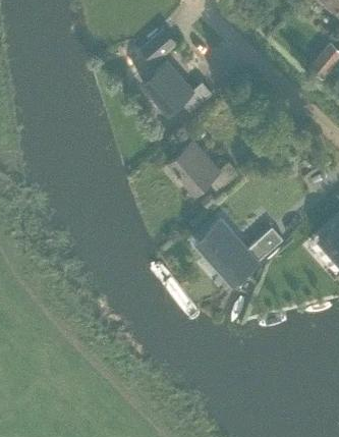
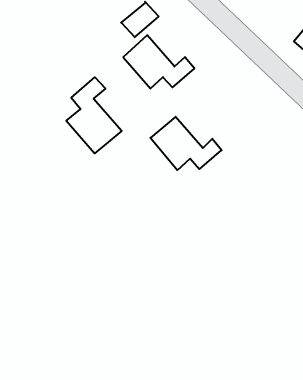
building: none -> [66,77,122,153]
building: [196,223,282,284] -> none

